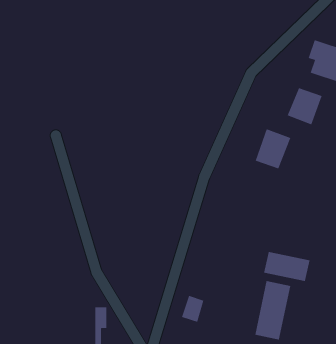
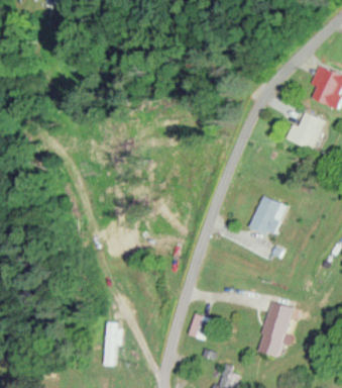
building: [255,128,291,169] -> [252,197,288,236]
building: [264,251,310,282] -> none

